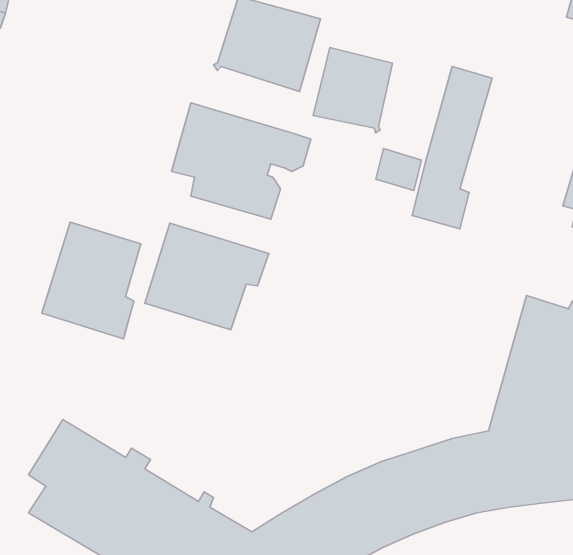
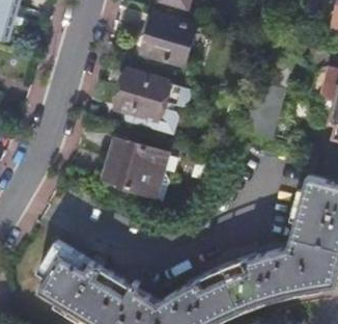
building: [313,47,393,133] -> none
building: [42,222,141,339] -> none

